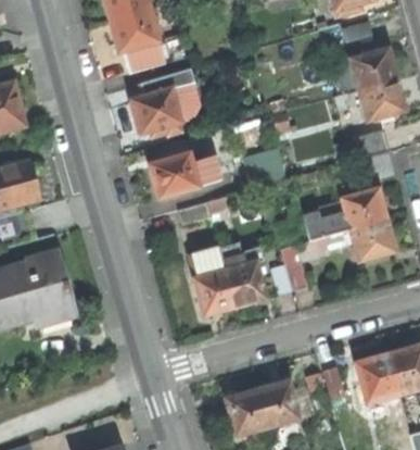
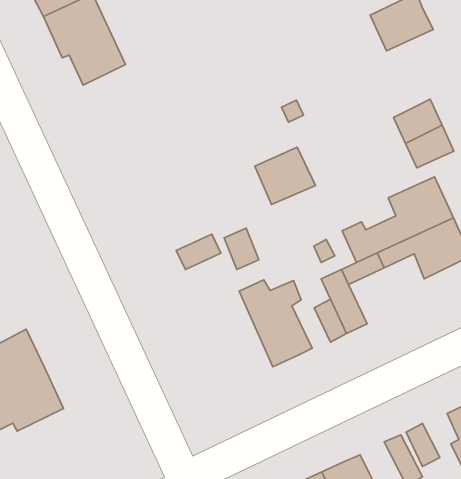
building: [130,68,200,134] -> none
building: [357,78,403,120] -> none
building: [149,147,218,198] -> none
building: [190,247,233,314] -> none

